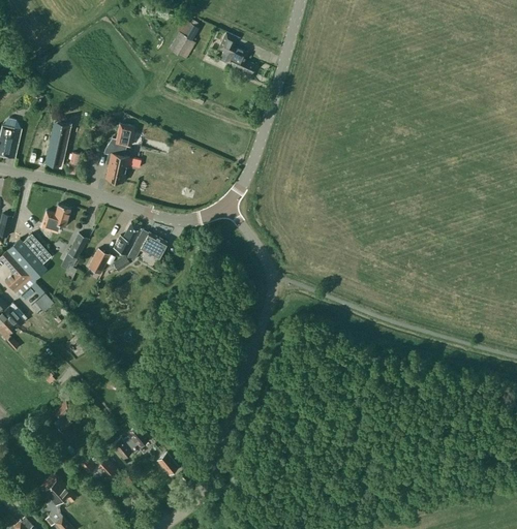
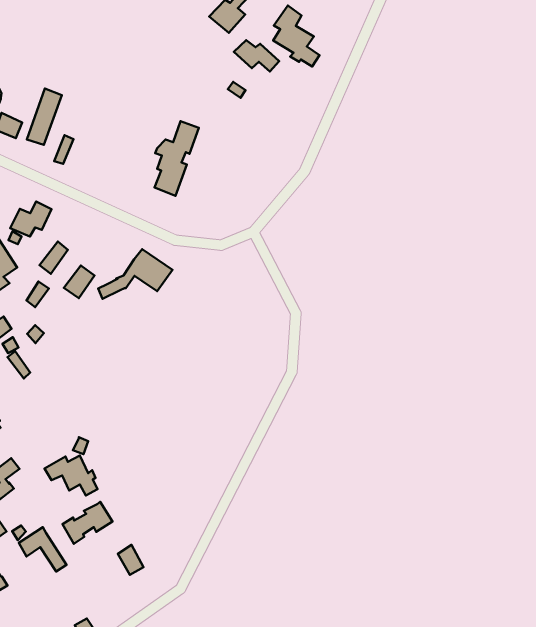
building: none -> [234,40,279,72]
building: [103,125,133,182] -> [155,121,199,196]
building: [114,223,141,254] -> none
building: none -> [44,456,98,495]

